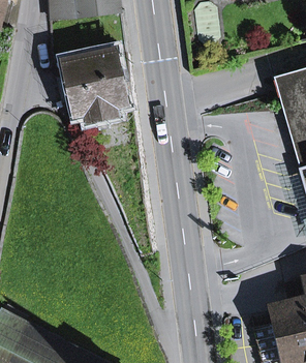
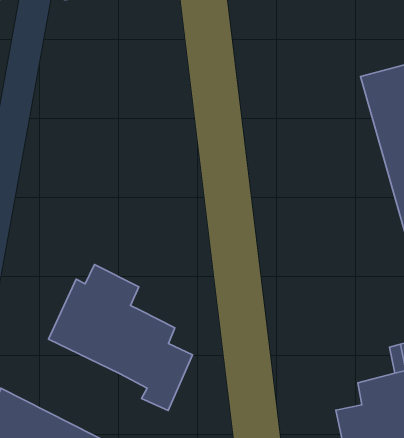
building: [67,53,123,120] -> none
building: none -> [49,265,192,410]

